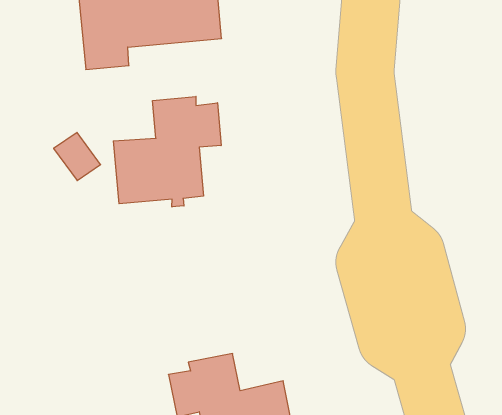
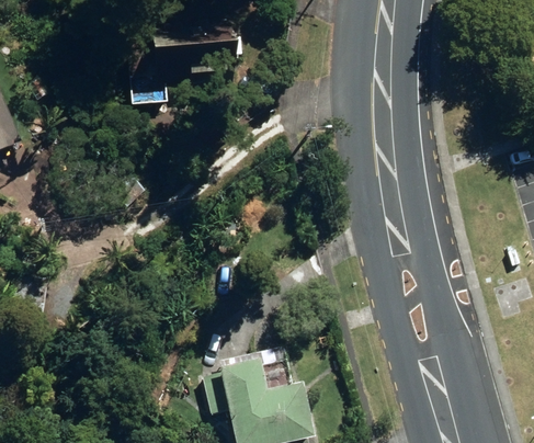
building: [113,96,221,207] -> none

